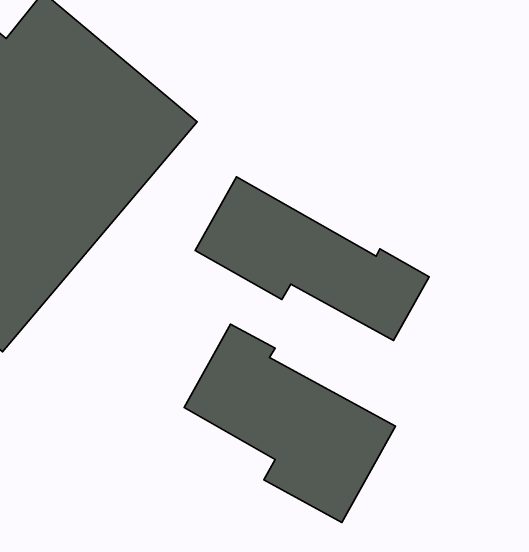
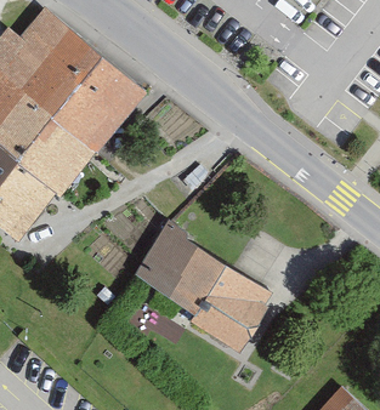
building: [195,177,429,340] -> none

